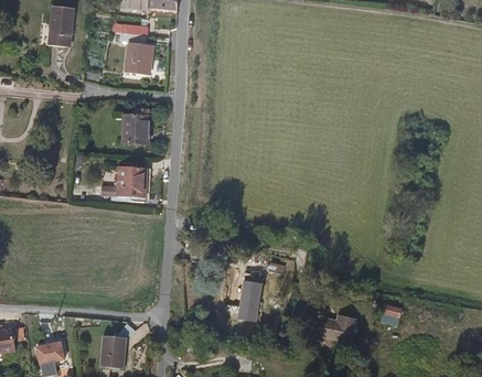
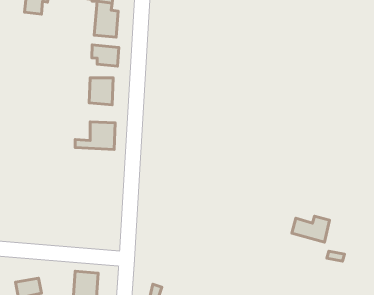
building: none -> [92,45,119,66]
building: [239,279,263,320] -> none
building: [314,315,356,344] -> [292,216,329,242]

